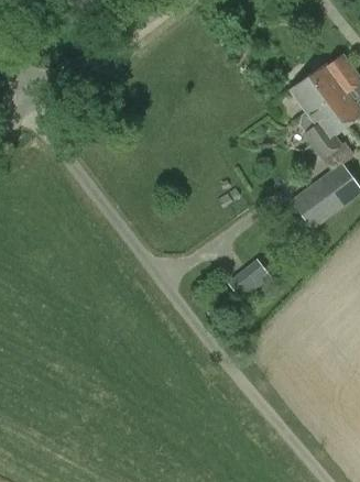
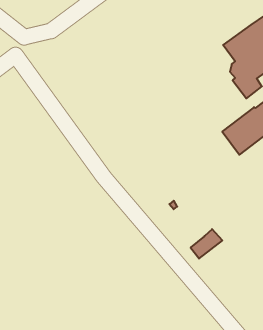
building: [230,262,271,299] -> [191,229,222,259]

